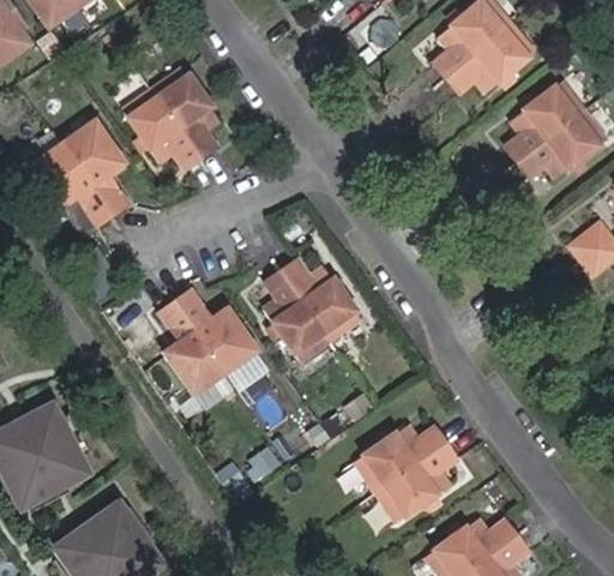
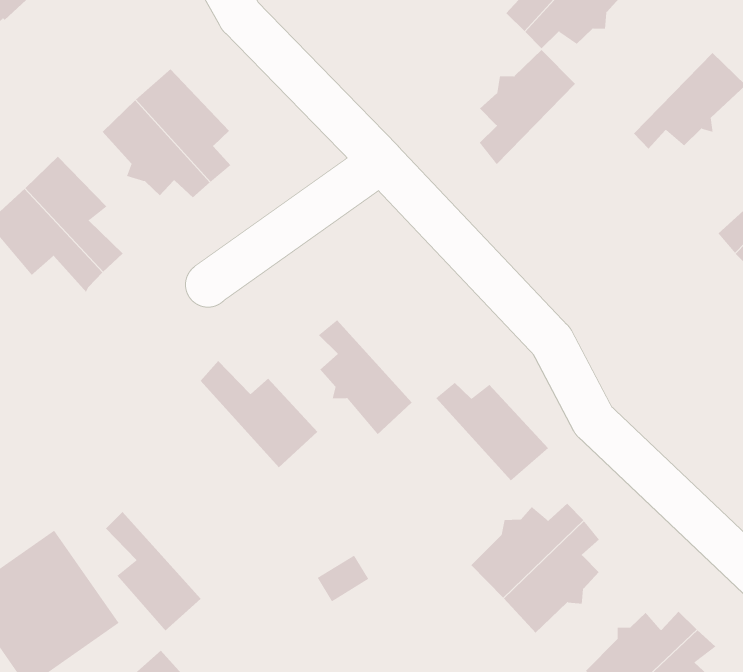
building: [506,84,583,164] -> [479,49,576,165]
building: [282,262,360,340] -> [436,382,549,481]
building: [161,302,224,395] -> [105,511,202,632]

